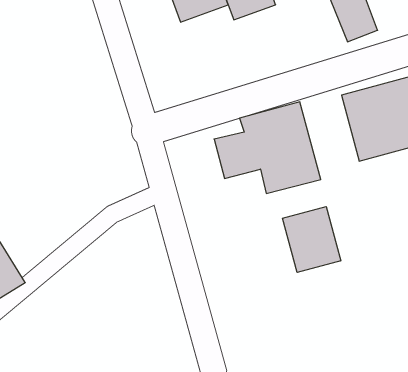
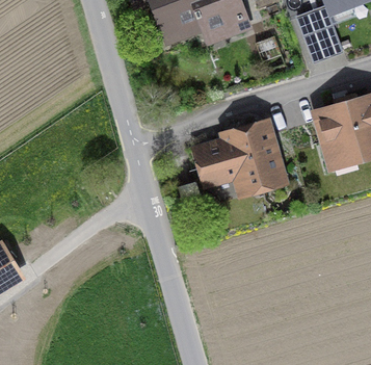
building: [283,207,341,272] -> none

